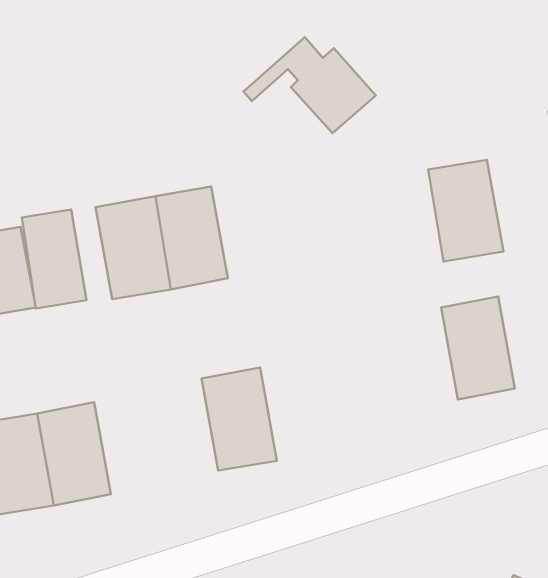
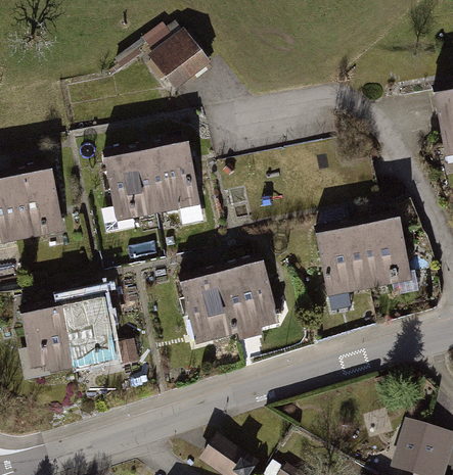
building: [243,37,376,133] -> [114,16,211,87]
building: [428,160,503,261] -> [315,227,370,301]
building: [22,210,86,309] -> none
building: none -> [225,264,279,339]

